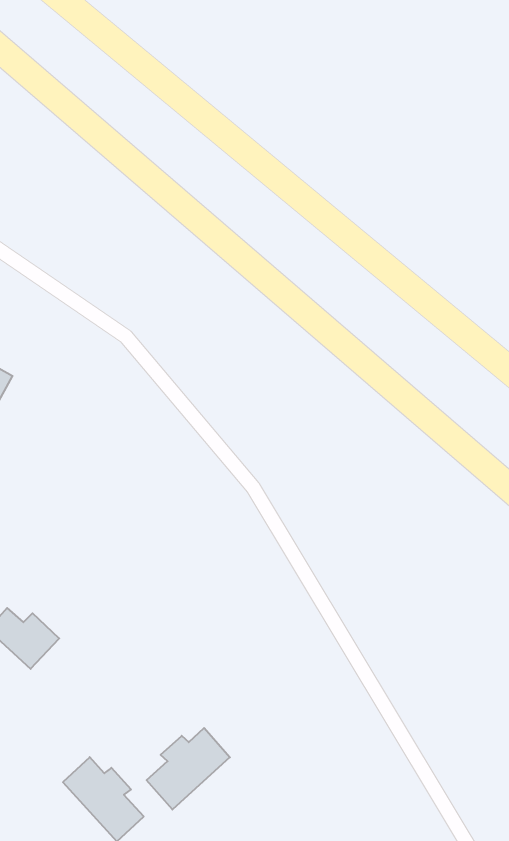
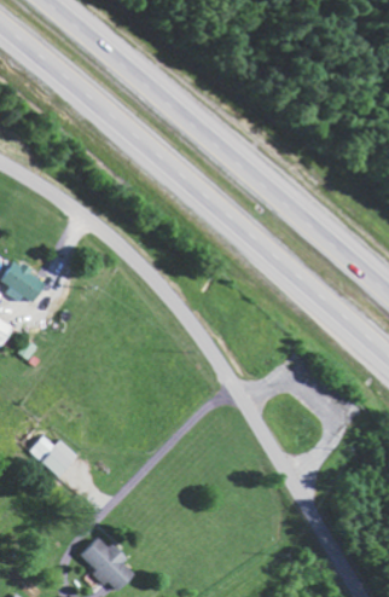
building: [147,728,230,810] -> none

